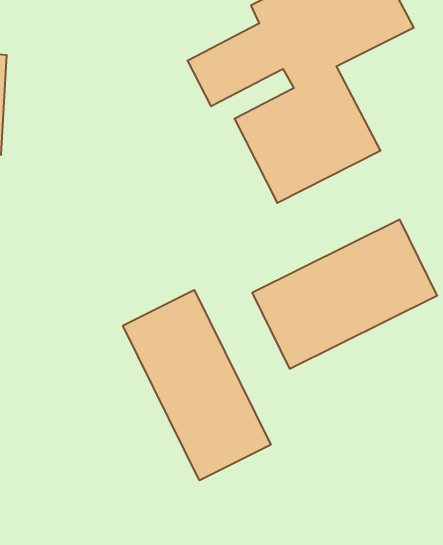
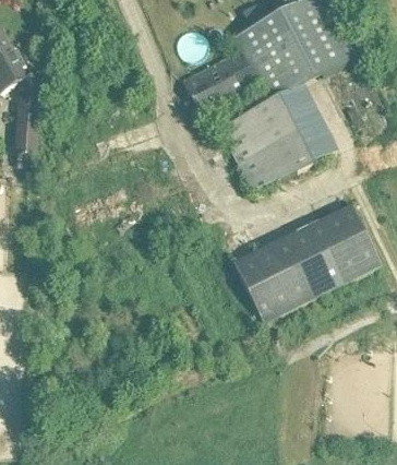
building: [123,290,271,480] -> none

